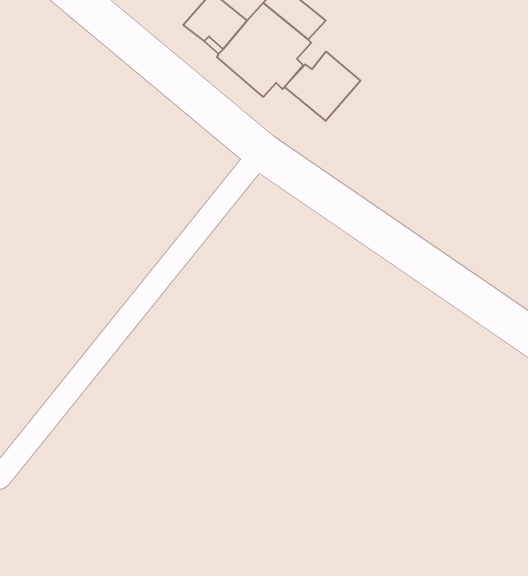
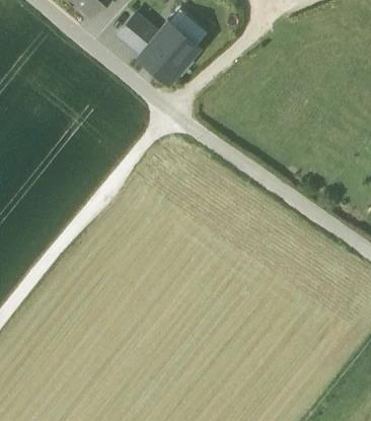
building: [285,52,360,121] -> none

